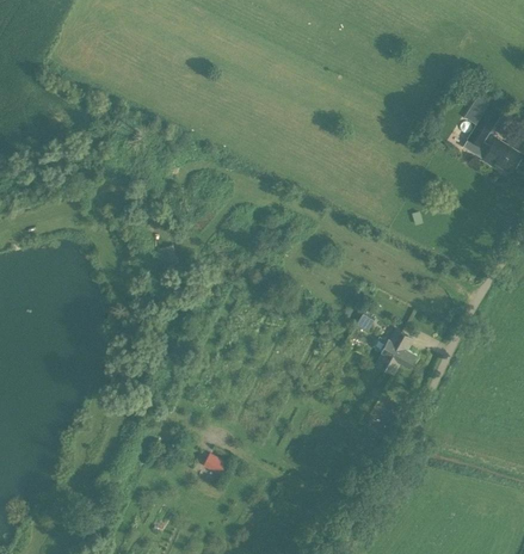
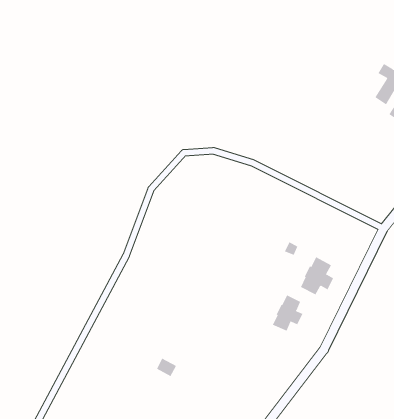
building: none -> [272,295,303,331]

